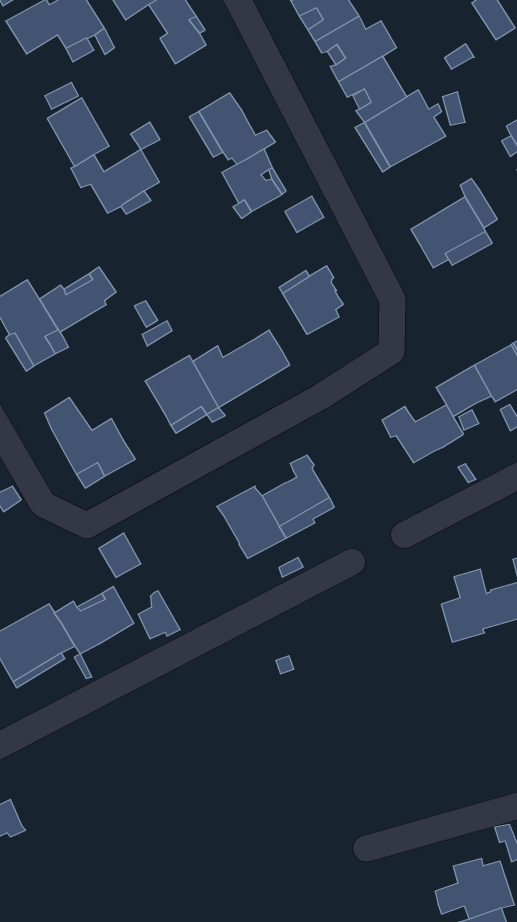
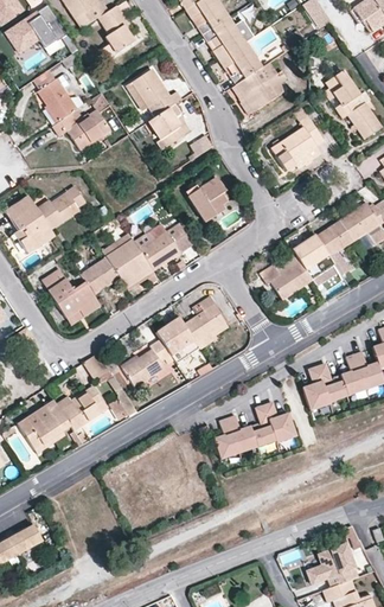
building: none -> [81,255,121,293]
building: none -> [123,338,172,386]
building: none -> [213,402,296,459]

